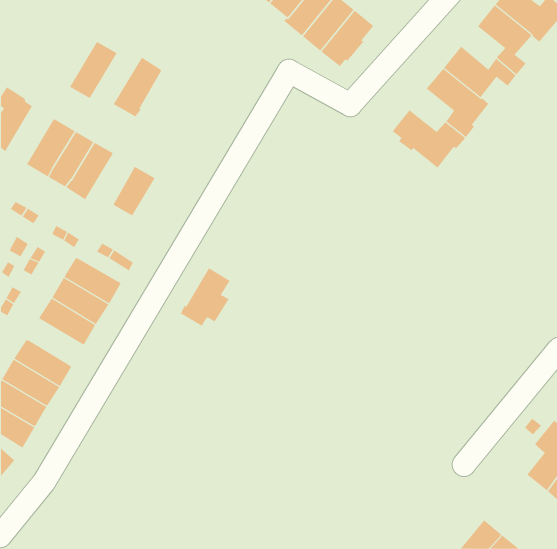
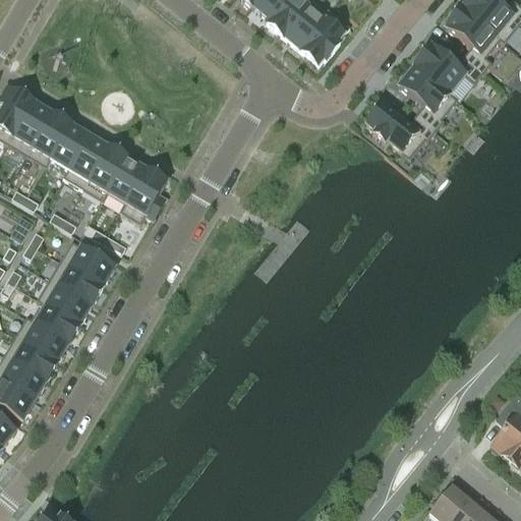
building: [69,41,117,99] -> [7,99,52,153]
building: [113,57,162,117] -> [81,142,127,198]
building: [180,268,231,327] -> [120,166,167,221]
building: none -> [31,299,80,341]

